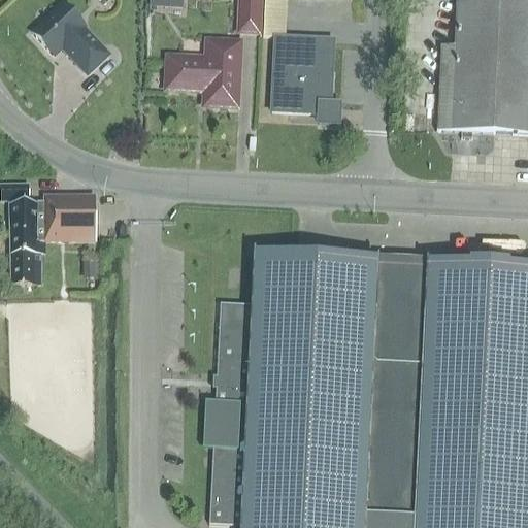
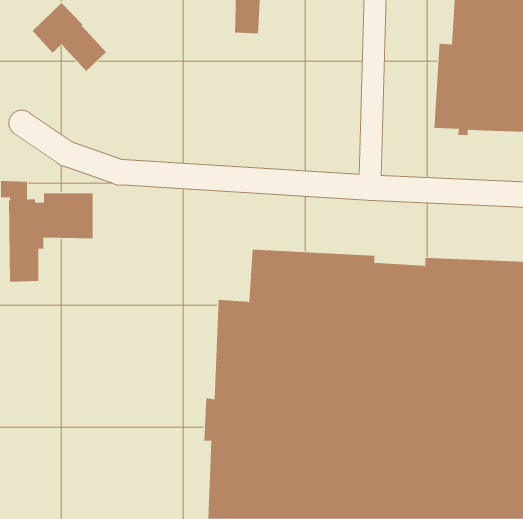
building: [272,35,334,112] -> none
building: [168,39,240,105] -> none

